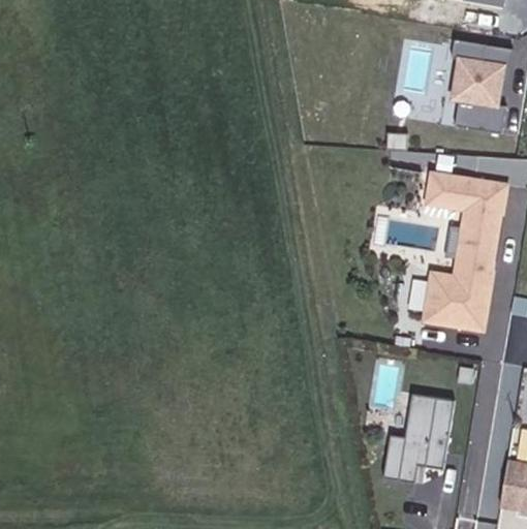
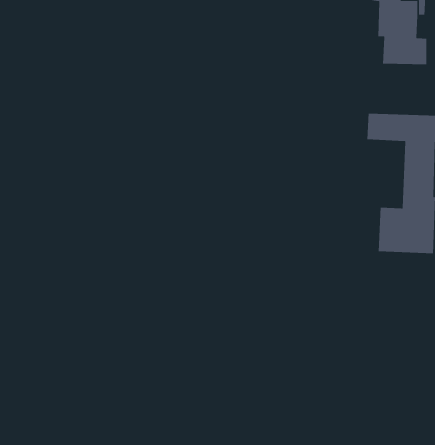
building: [380,393,453,483] -> none

